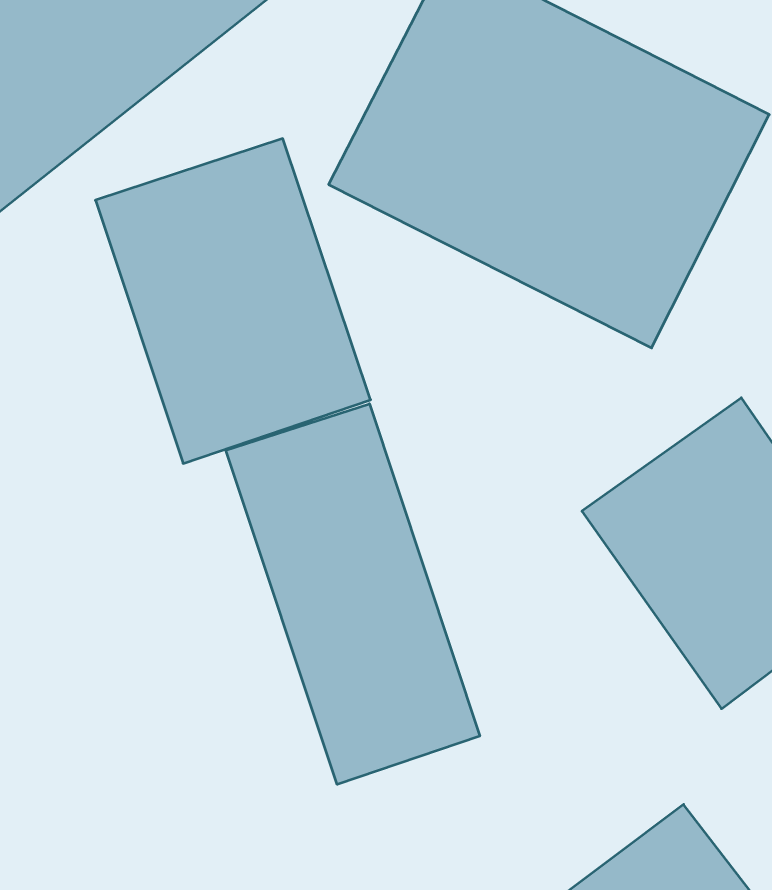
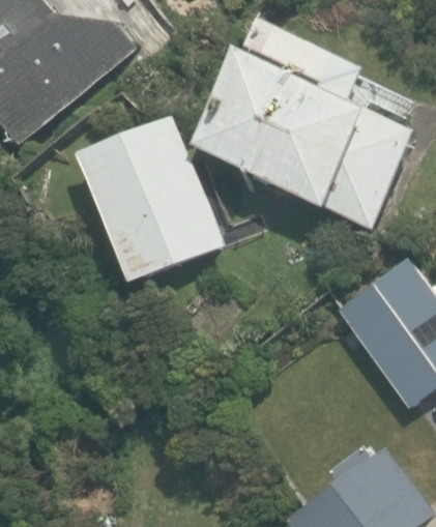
building: [226,404,480,784] -> none

